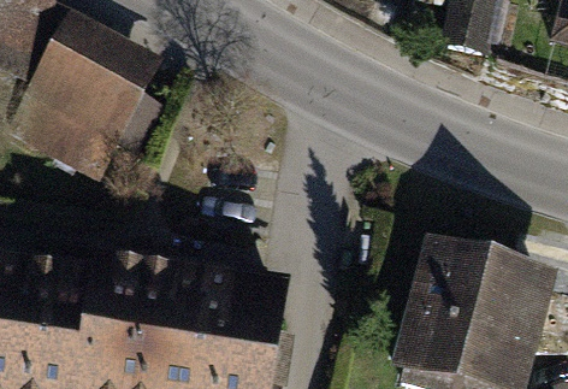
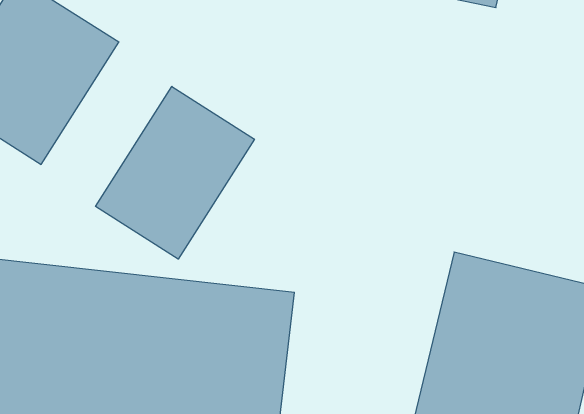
building: none -> [96,86,254,259]

